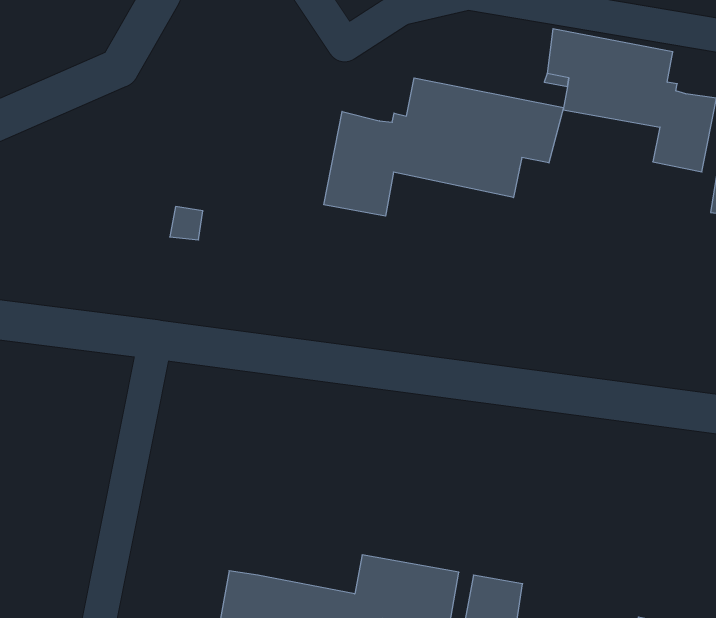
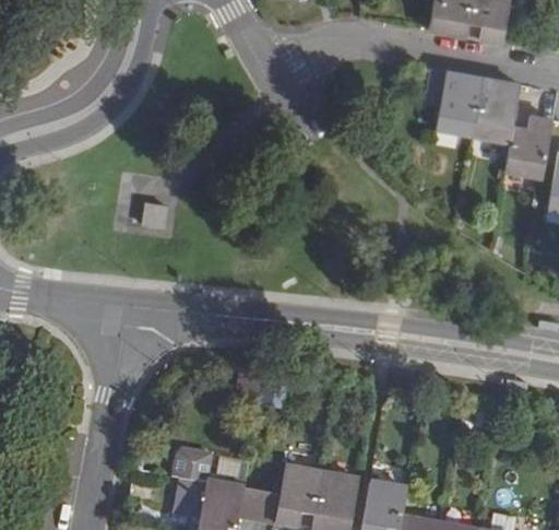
building: [324,78,563,216] -> none
building: none -> [174,445,212,481]

